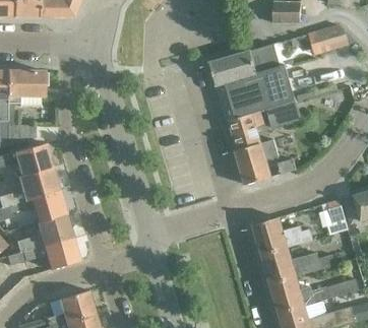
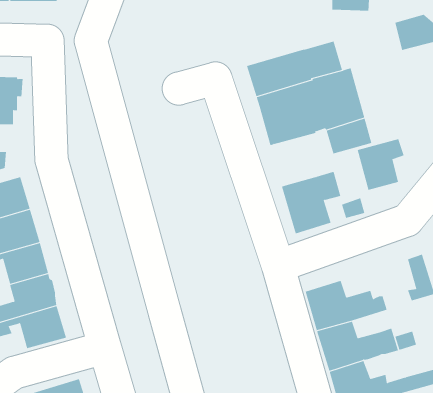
building: [230,112,264,149] -> [357,139,404,190]

